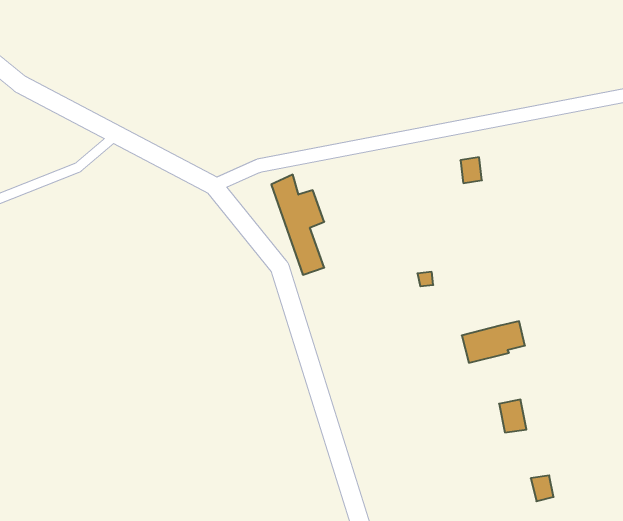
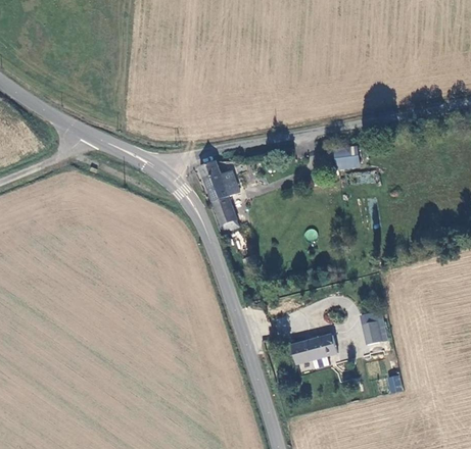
building: [462,321,525,363] -> [292,334,337,363]

